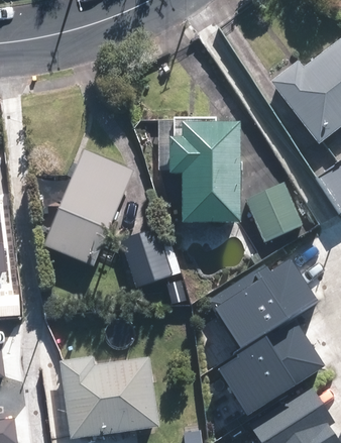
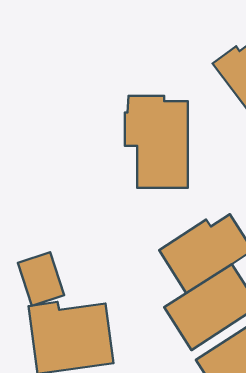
building: [43,153,132,268] -> none
building: [243,186,302,246] -> none
building: [118,230,172,292] -> [18,252,64,306]

